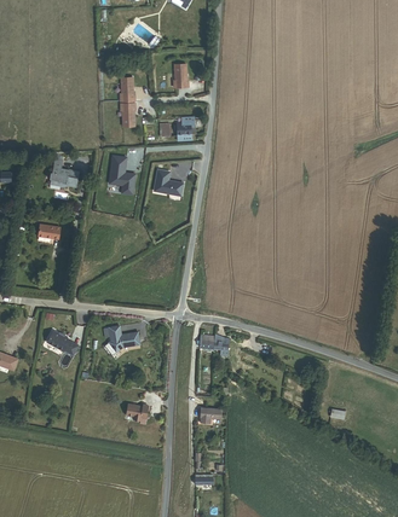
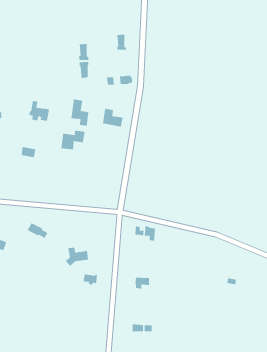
building: none -> [61,130,85,150]
building: [105,325,139,353] -> [65,247,89,267]

